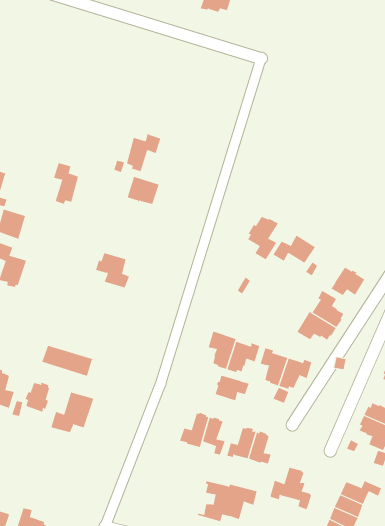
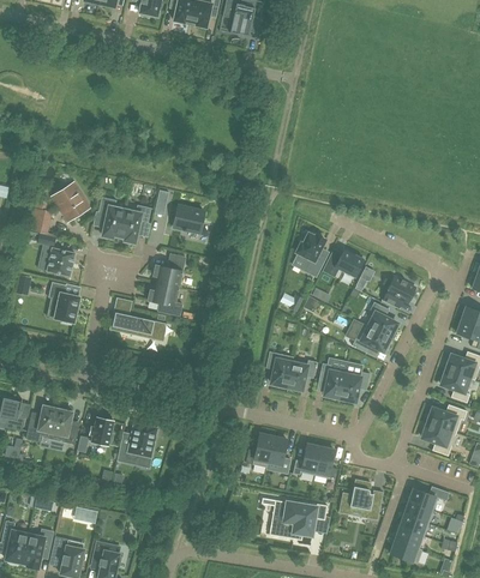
building: [126,134,161,172] -> [119,204,151,242]
building: none -> [52,181,90,221]
building: none -> [152,253,185,287]
building: [40,345,99,376] -> [109,312,167,339]
building: [215,375,250,401] -> none

